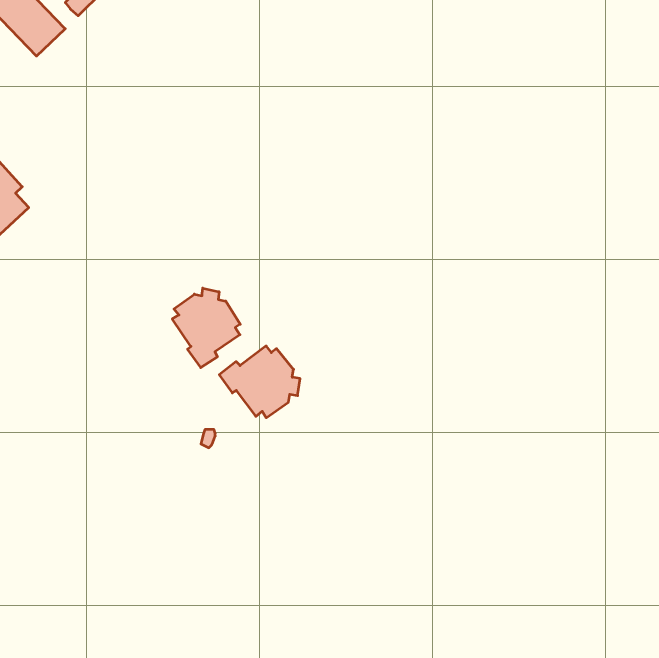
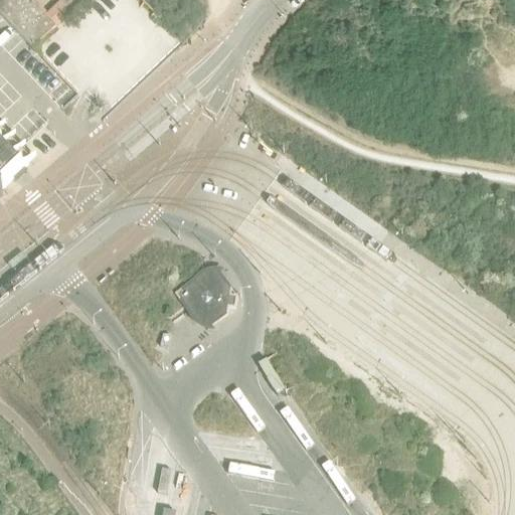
building: [172,288,240,368] -> none

